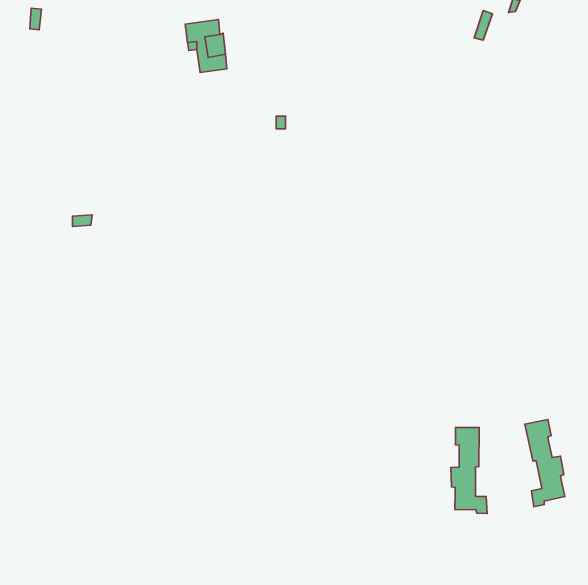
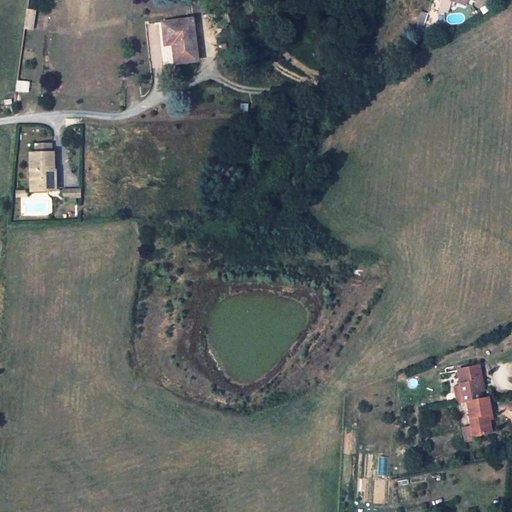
building: none -> [29,142,53,190]
building: [451,428,487,513] -> none

